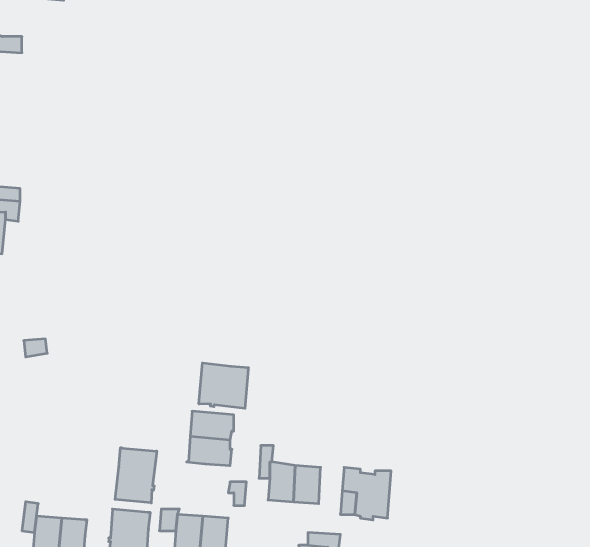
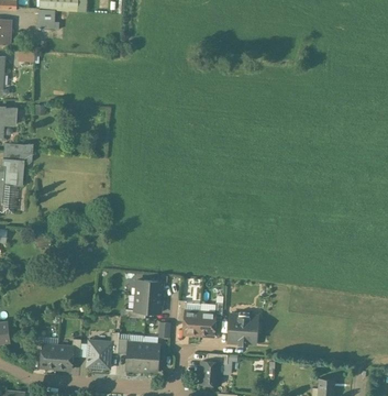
building: [199,363,248,408] -> none
building: [115,448,157,503] -> none

